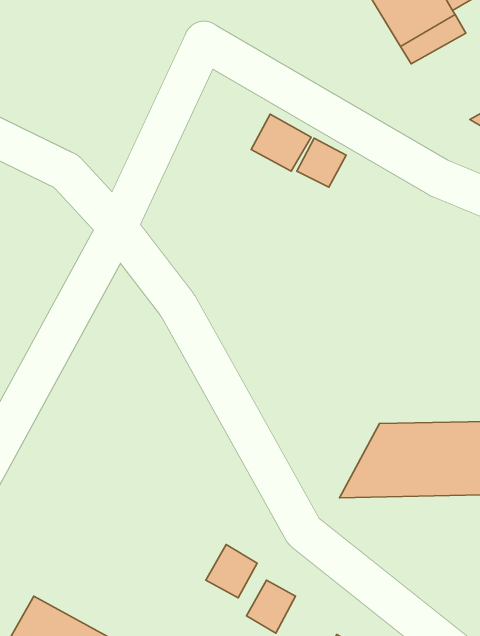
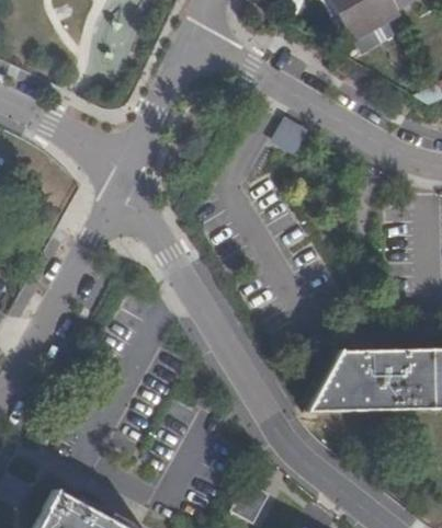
building: [251,114,311,171] -> none
building: [206,545,257,598] -> none

